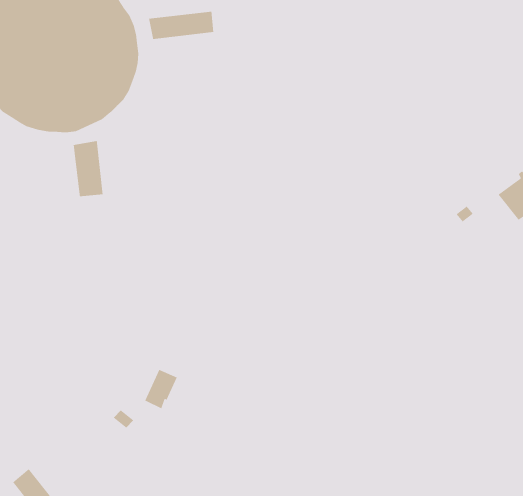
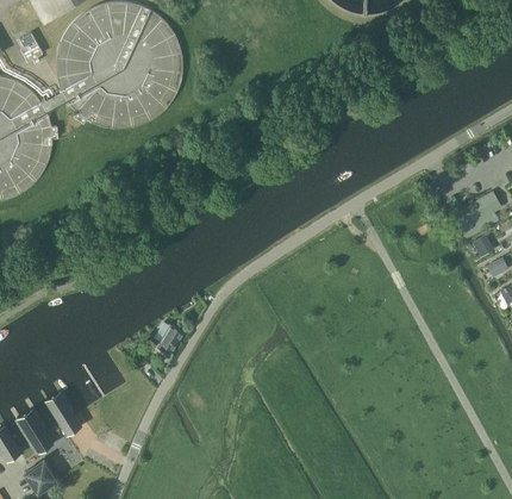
building: [148,11,214,40] -> none
building: [73,140,104,197] -> none

